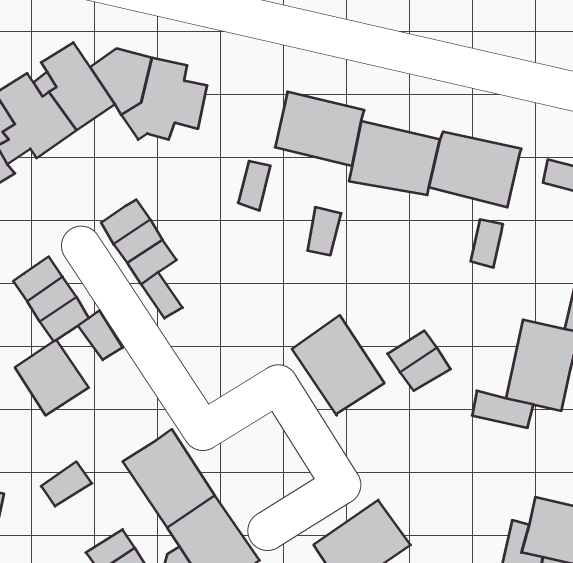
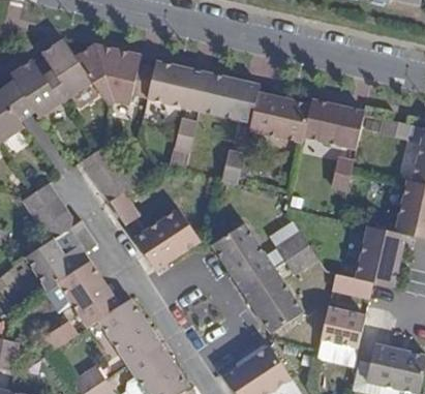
building: none -> [148,61,208,110]
building: none -> [133,208,200,271]
building: none -> [57,261,120,328]
building: none -> [241,268,302,333]
building: none -> [321,307,365,347]

